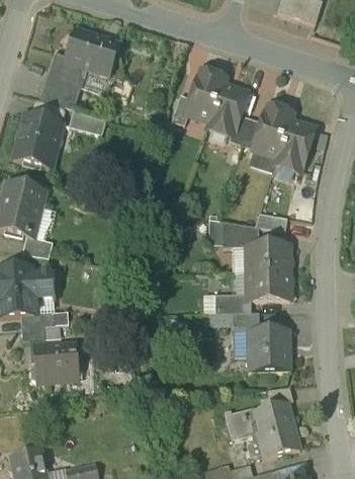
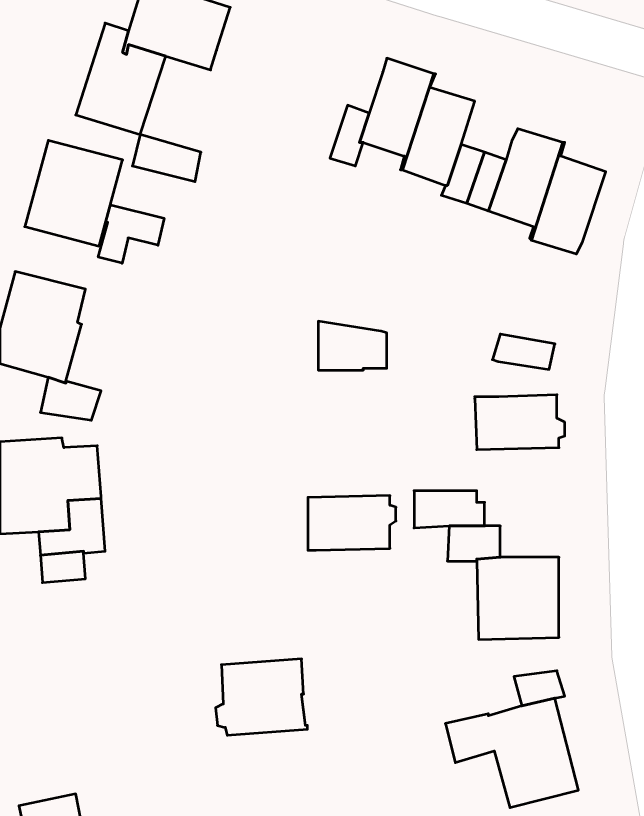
building: none -> [98,205,164,263]
building: [224,221,259,246] -> [318,321,387,370]
building: [248,271,293,300] -> [308,496,396,550]
building: [31,343,79,383] -> [216,659,307,735]

